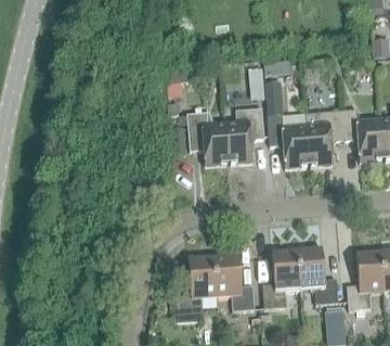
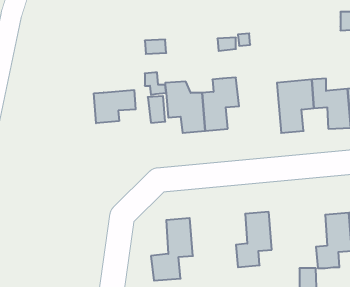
building: [265,90,310,167] -> none
building: none -> [94,90,136,123]
building: [297,246,338,303] -> none
building: [213,253,256,309] -> none

